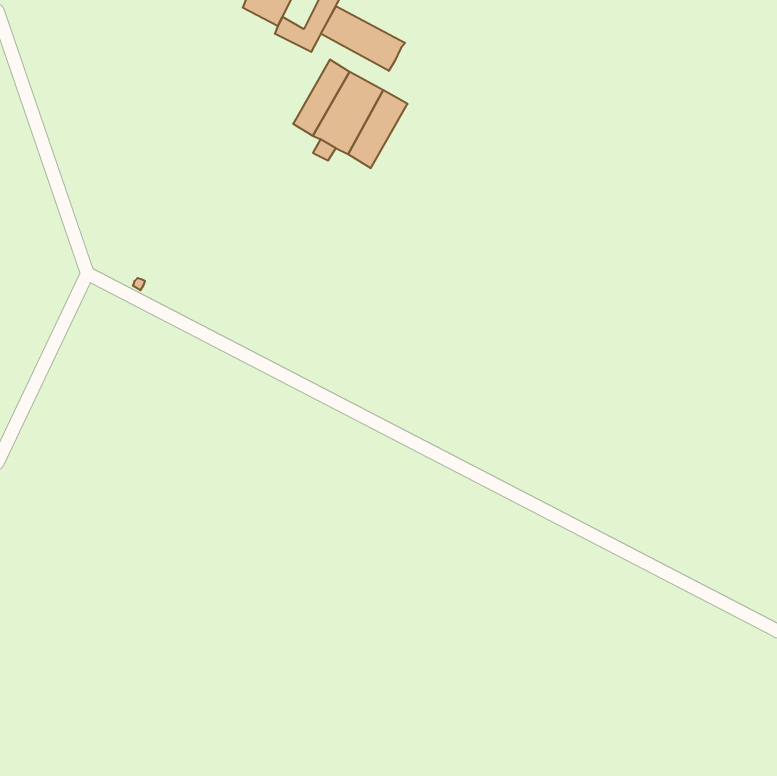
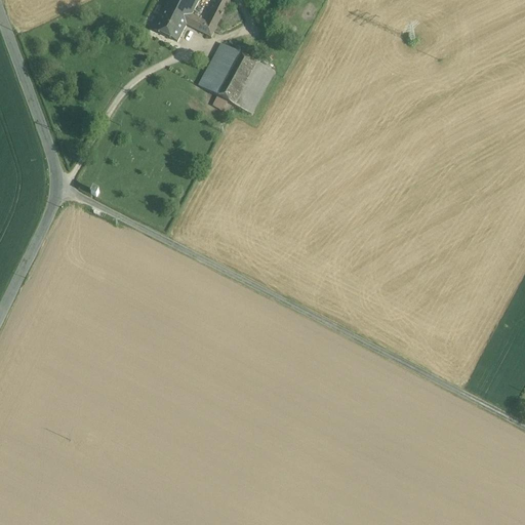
building: [321,6,405,71] -> none
building: none -> [152,5,187,39]

